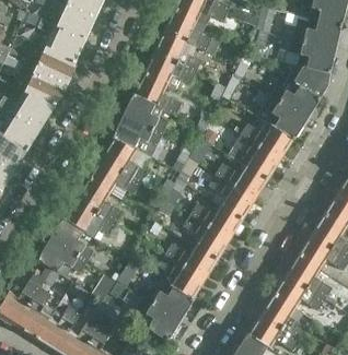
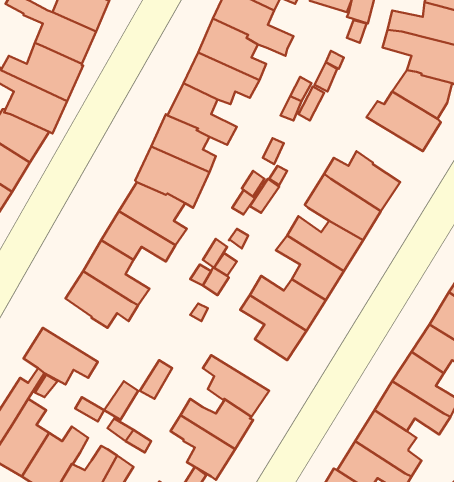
building: [253,90,308,140] -> none
building: [50,217,94,261] -> none
building: [164,244,216,281] -> none

